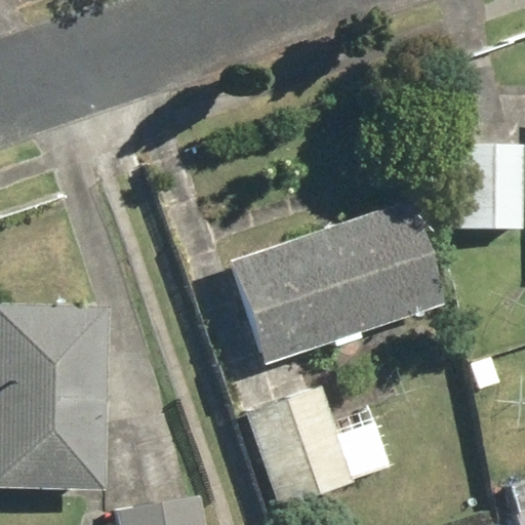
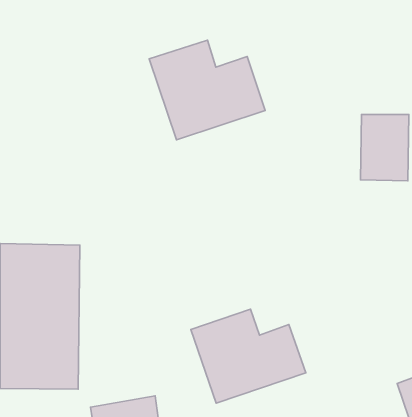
building: none -> [149,40,265,140]
building: [228,199,445,364] -> none

